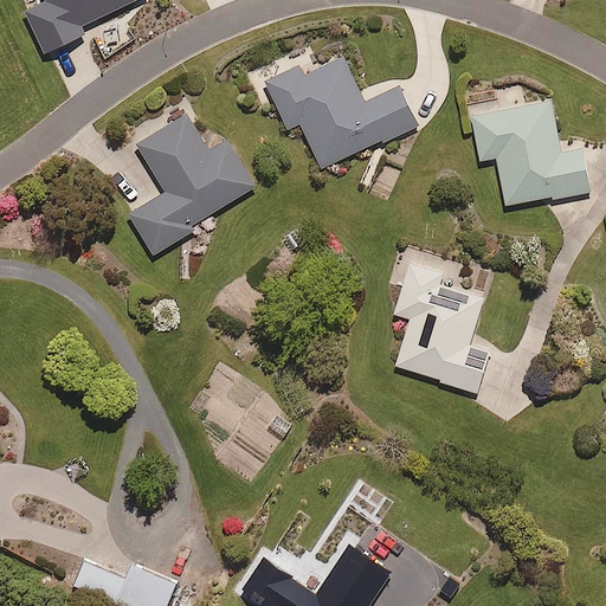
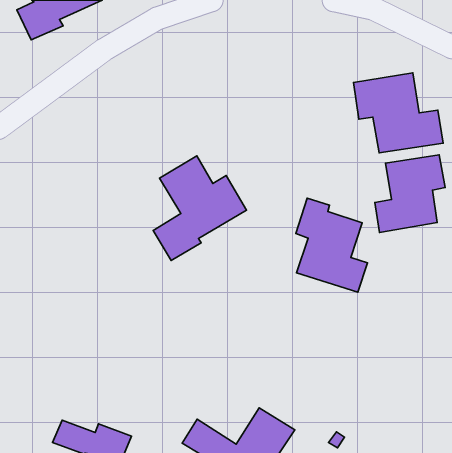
building: [265,57,417,167] -> none
building: [129,115,253,254] -> [153,156,247,261]
building: none -> [375,155,445,232]

